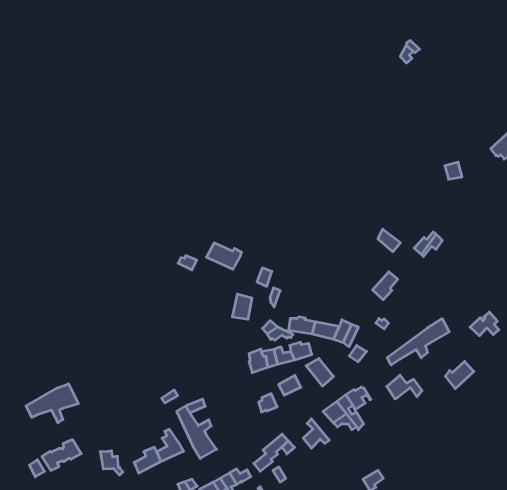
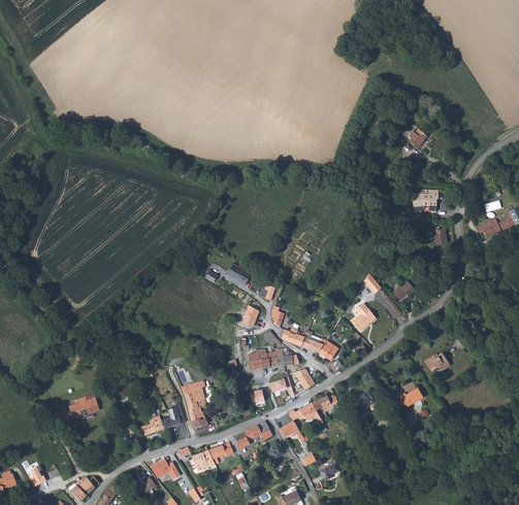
building: none -> [413,189,436,209]
building: [387,319,449,365] -> none
building: [26,384,78,423] -> none

